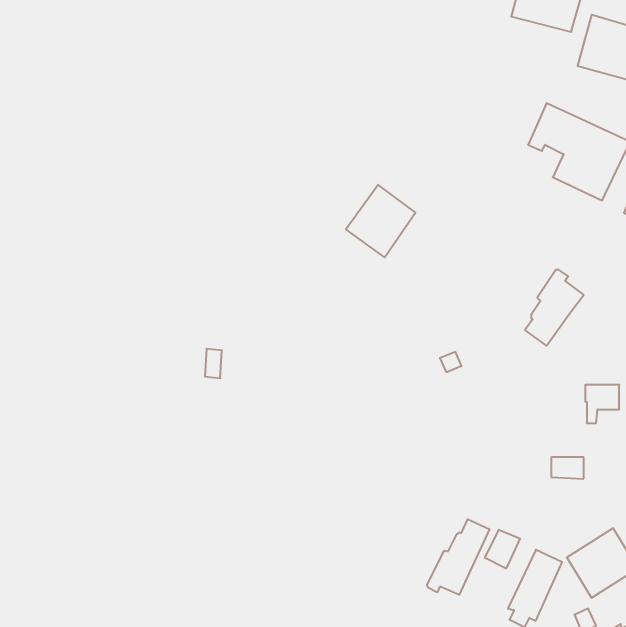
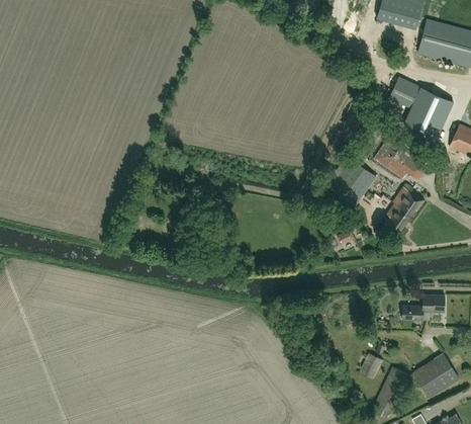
building: [346,185,415,257] -> [331,159,376,206]
building: none -> [373,143,426,180]
building: [585,385,619,423] -> [422,295,445,321]
building: [427,519,490,595] -> none

